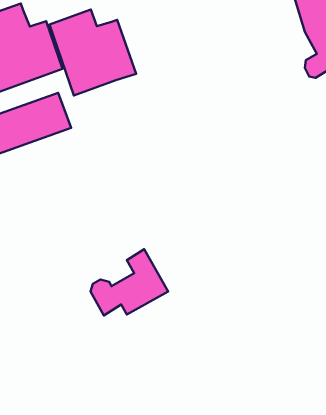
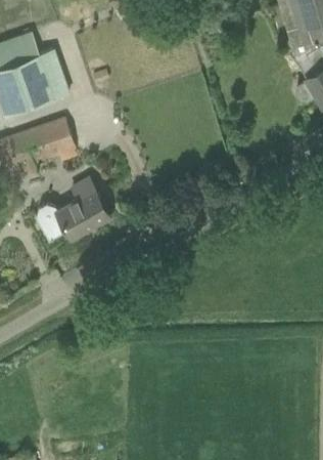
building: [50,10,136,96] -> none
building: [91,249,168,316] -> [38,177,110,240]

